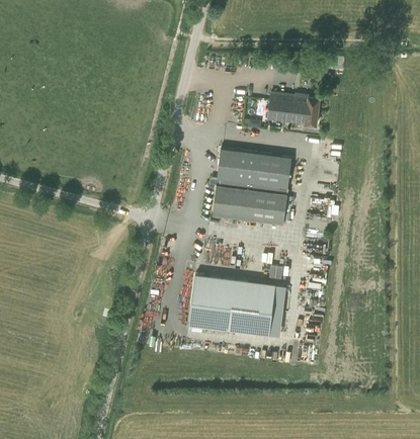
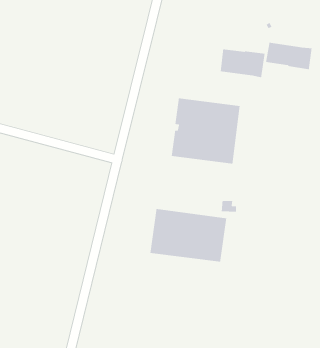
building: none -> [265,42,313,70]

